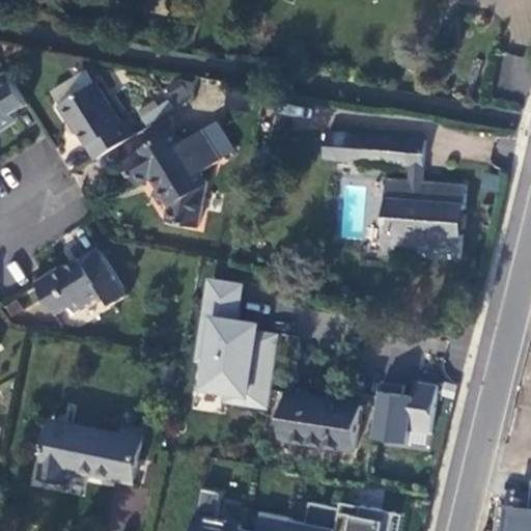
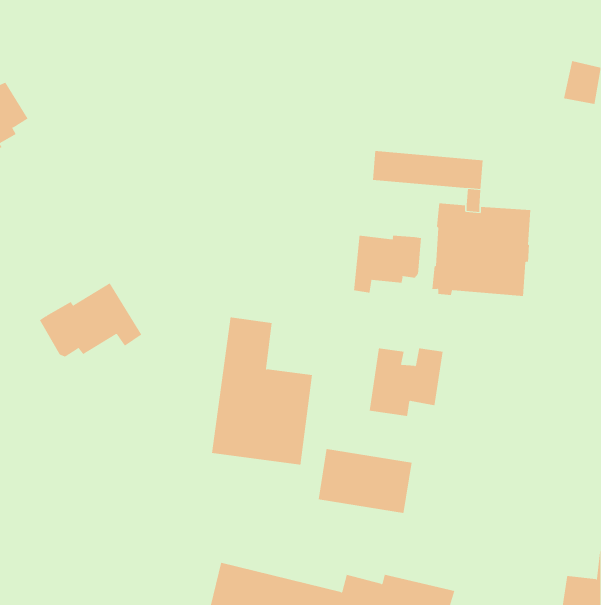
building: [57,83,135,159] -> none
building: [122,130,219,227] -> none
building: none -> [353,235,421,294]
building: [370,383,436,443] -> [369,348,443,417]
building: [38,421,142,483] -> none

